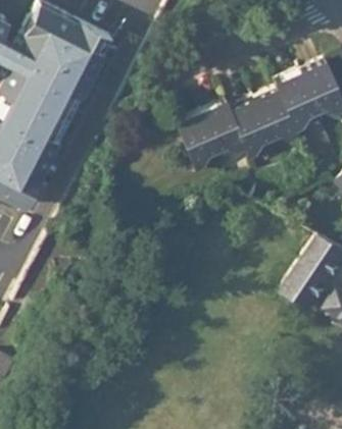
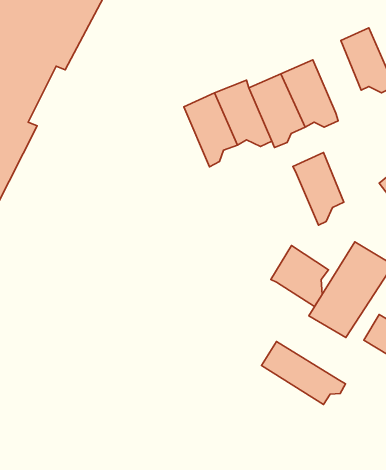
building: [277,71,317,129] -> [293,153,344,225]
building: none -> [271,246,328,307]
building: none -> [261,342,346,405]

